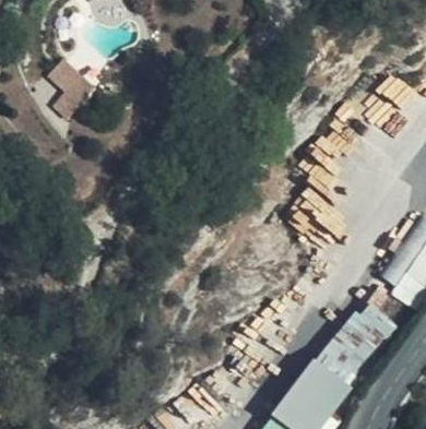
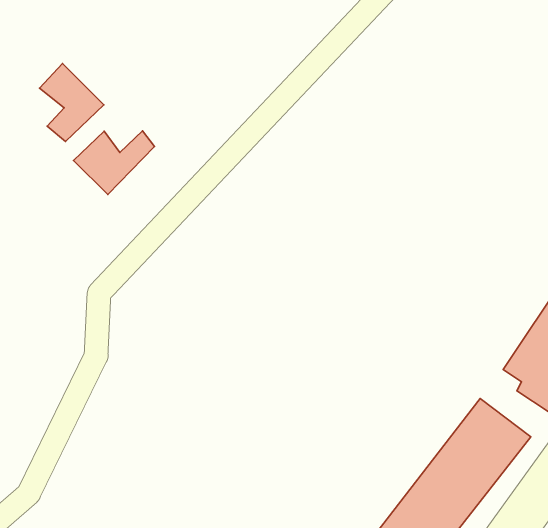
building: none -> [74,131,155,195]

